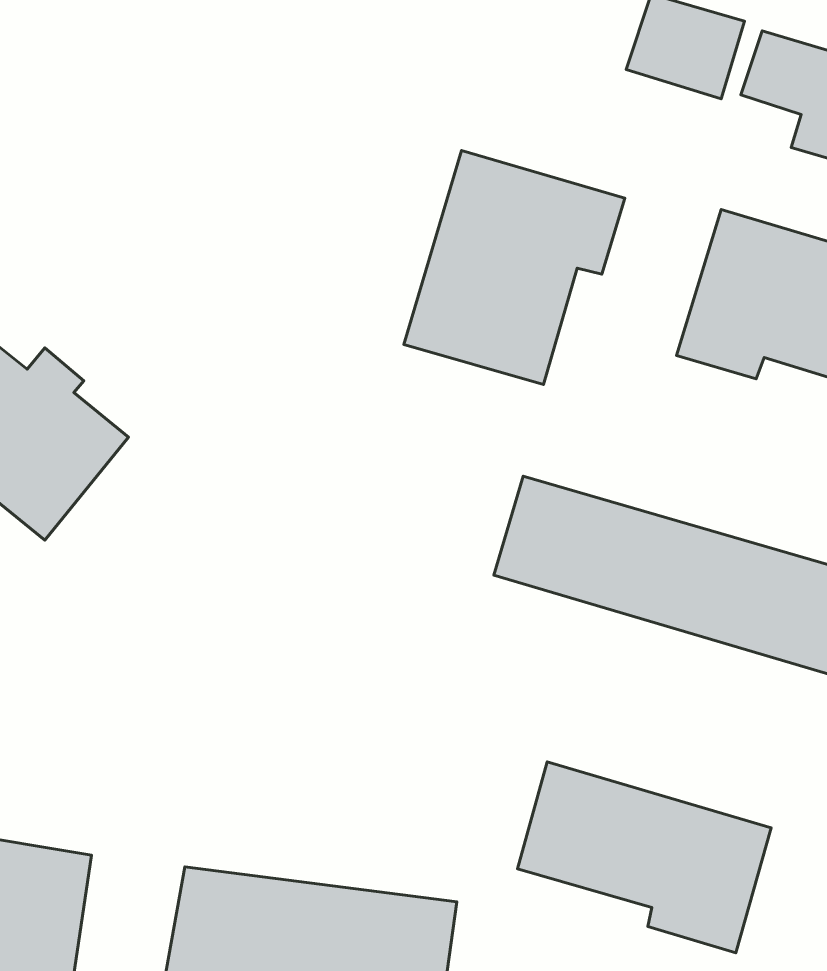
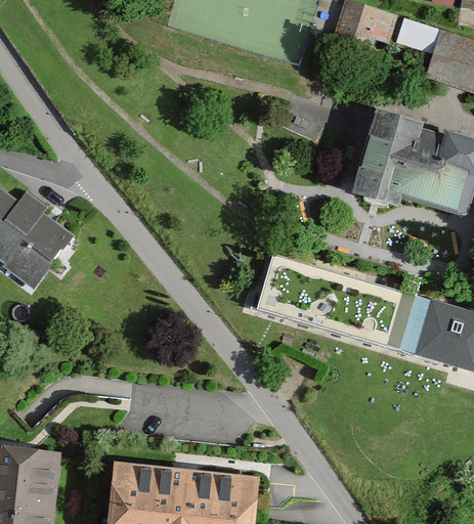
building: [404,150,625,384] -> none
building: [518,762,771,953] -> none

